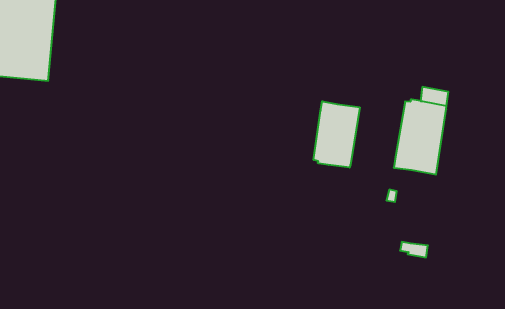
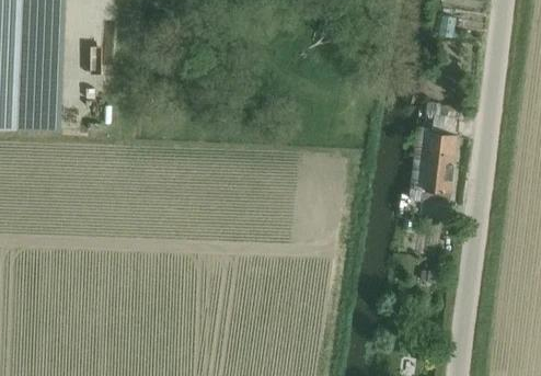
building: [314,101,360,168] -> none

